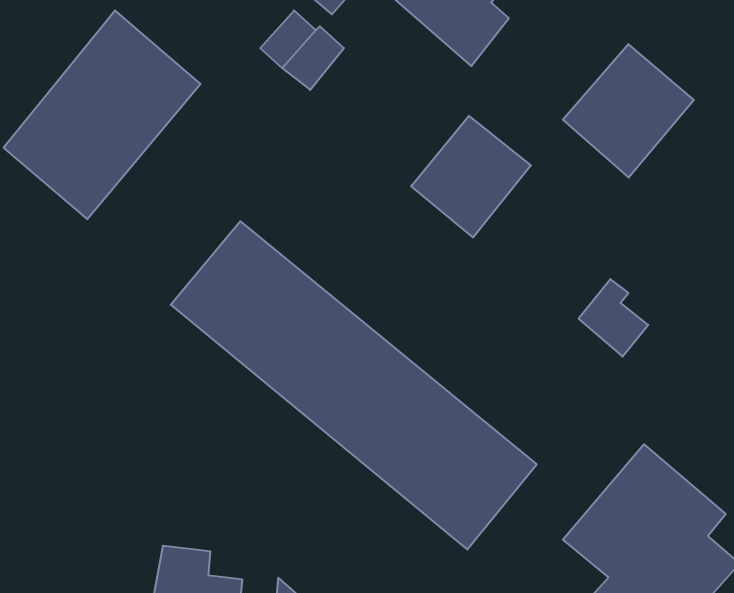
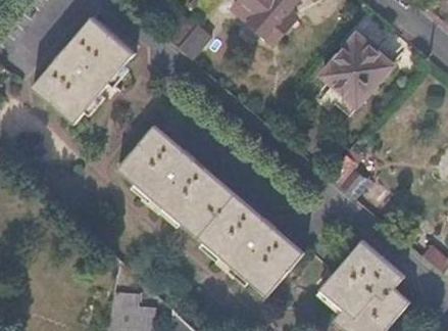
building: [411,116,531,237] -> none

